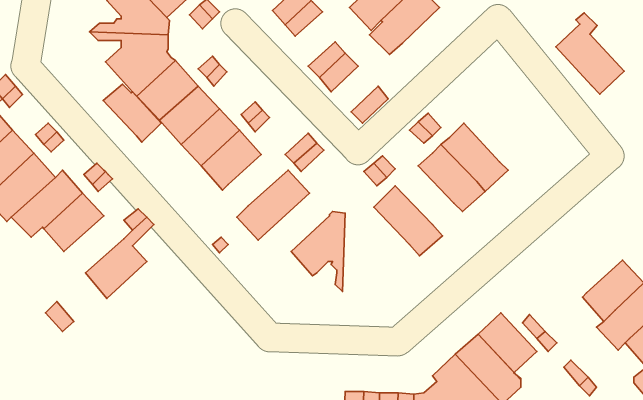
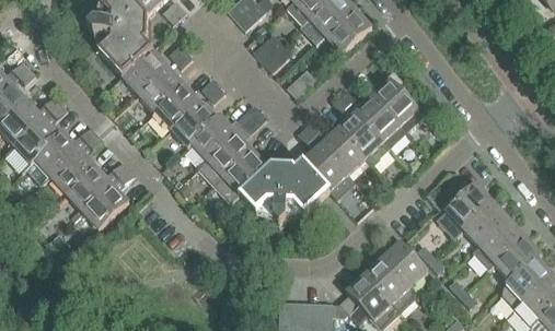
building: none -> [325,8,371,52]
building: [556,13,624,94] -> [372,70,425,132]
building: [103,84,161,142] -> none
building: none -> [192,115,238,159]
building: none -> [320,129,365,174]
building: none -> [215,150,269,203]
building: none -> [279,161,331,225]
building: none -> [66,167,112,211]
building: none -> [437,182,494,237]

